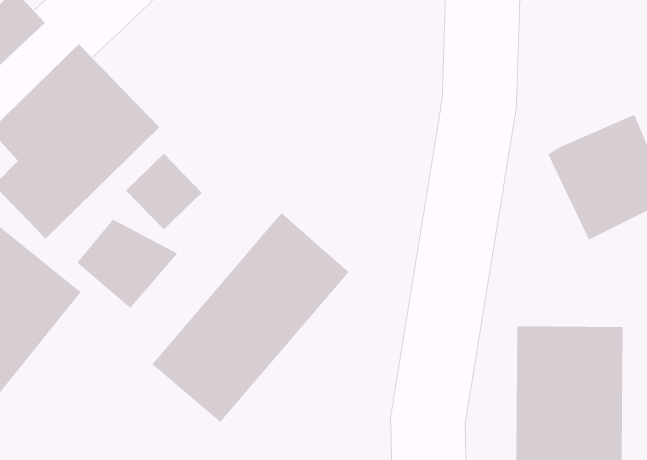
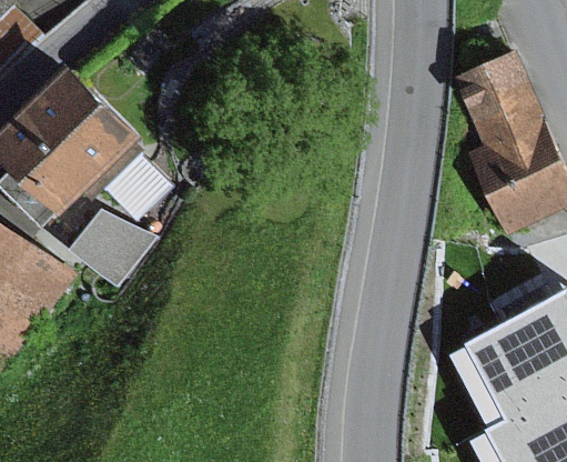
building: none -> [456,52,551,153]
building: [151,212,349,423] -> none

